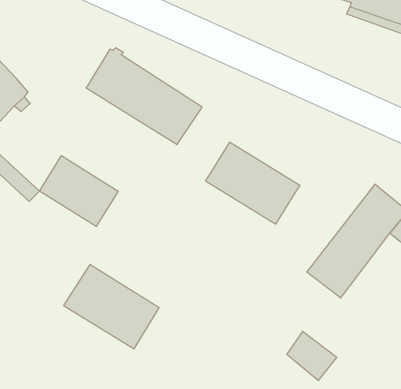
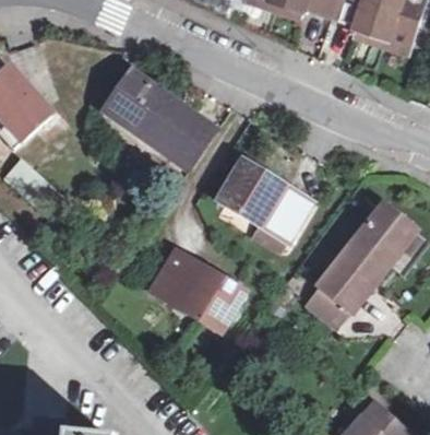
building: [39,156,118,227] -> none
building: [64,265,159,349] -> [152,251,243,332]
building: [287,331,337,380] -> [300,284,348,331]

